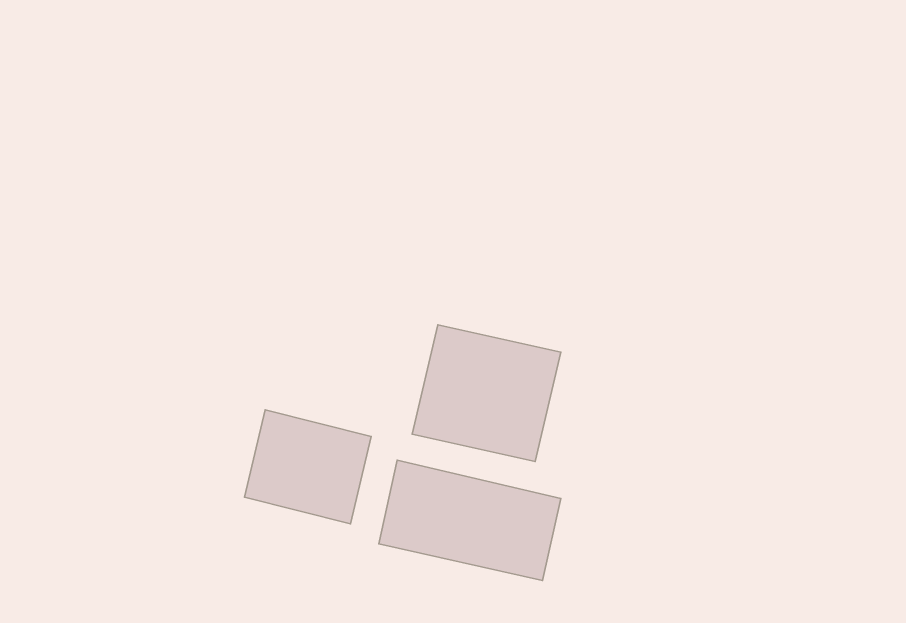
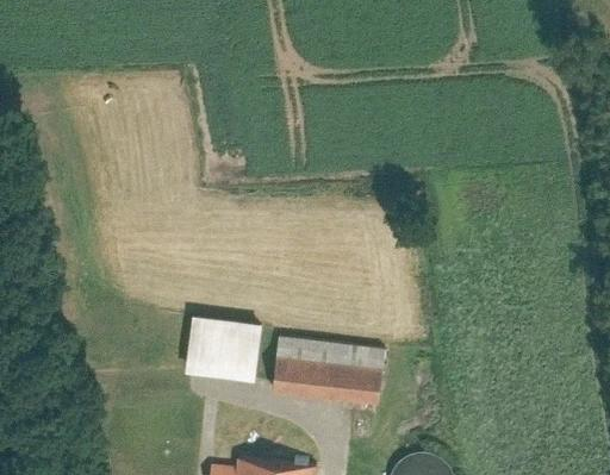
building: [412,325,561,462] -> none

